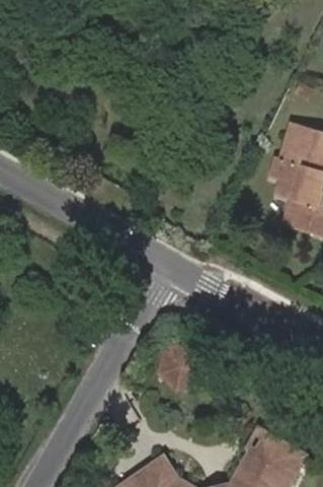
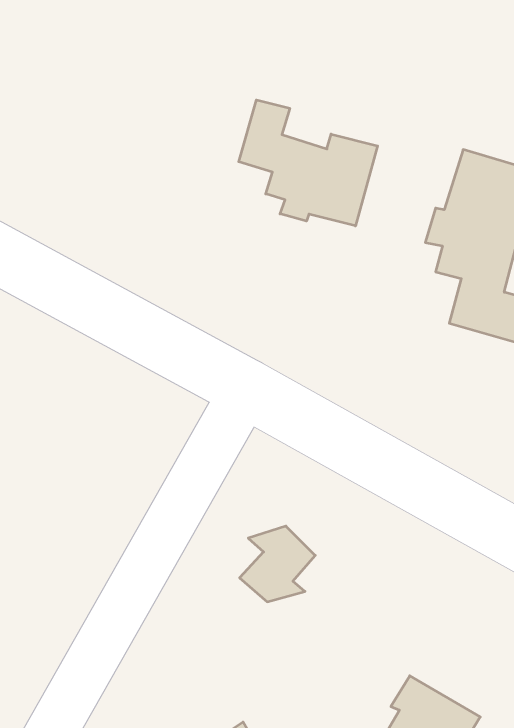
building: none -> [239,100,378,226]

